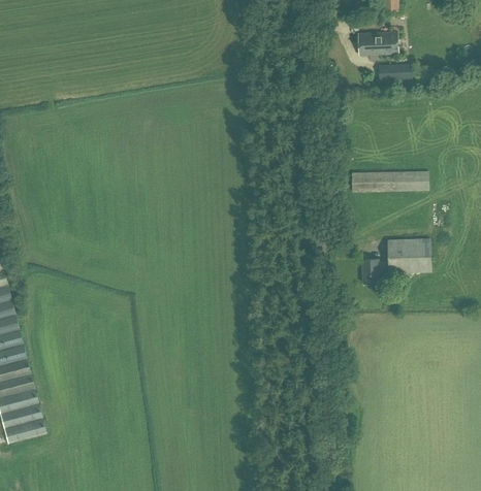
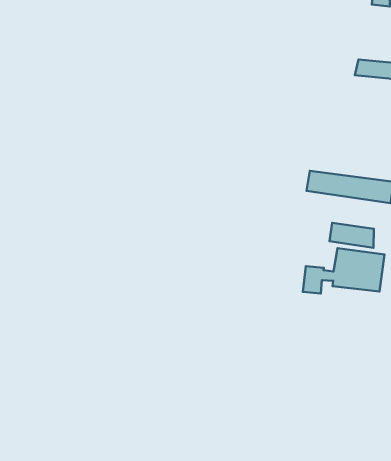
building: [357,32,397,54] -> none
building: none -> [329,223,374,248]

